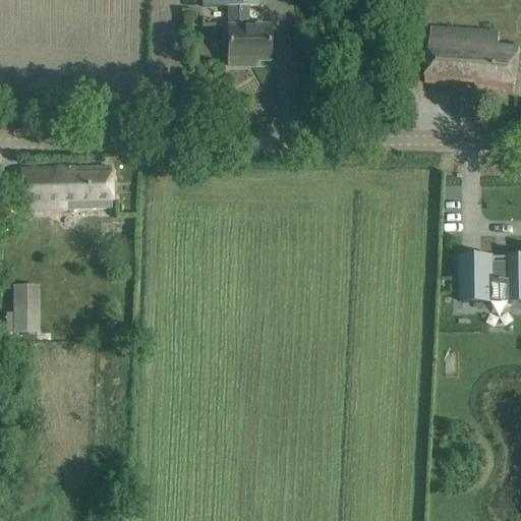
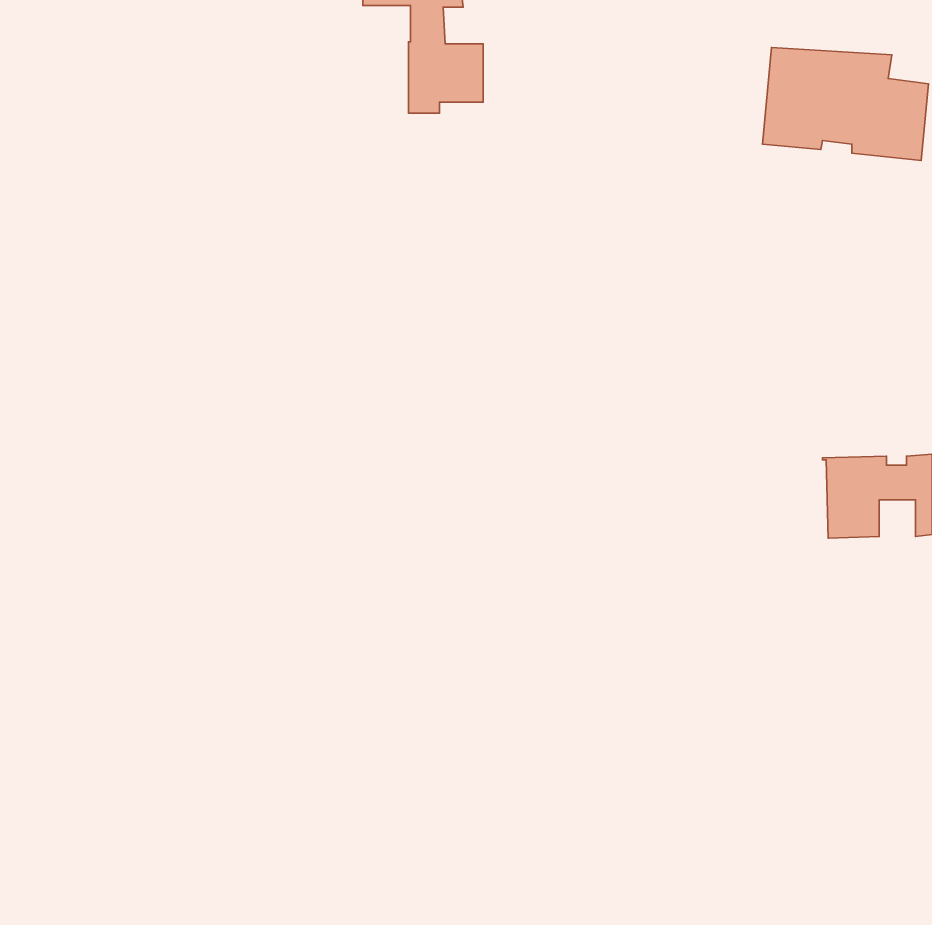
building: [20,164,112,210] -> none
building: [6,280,43,328] -> none

